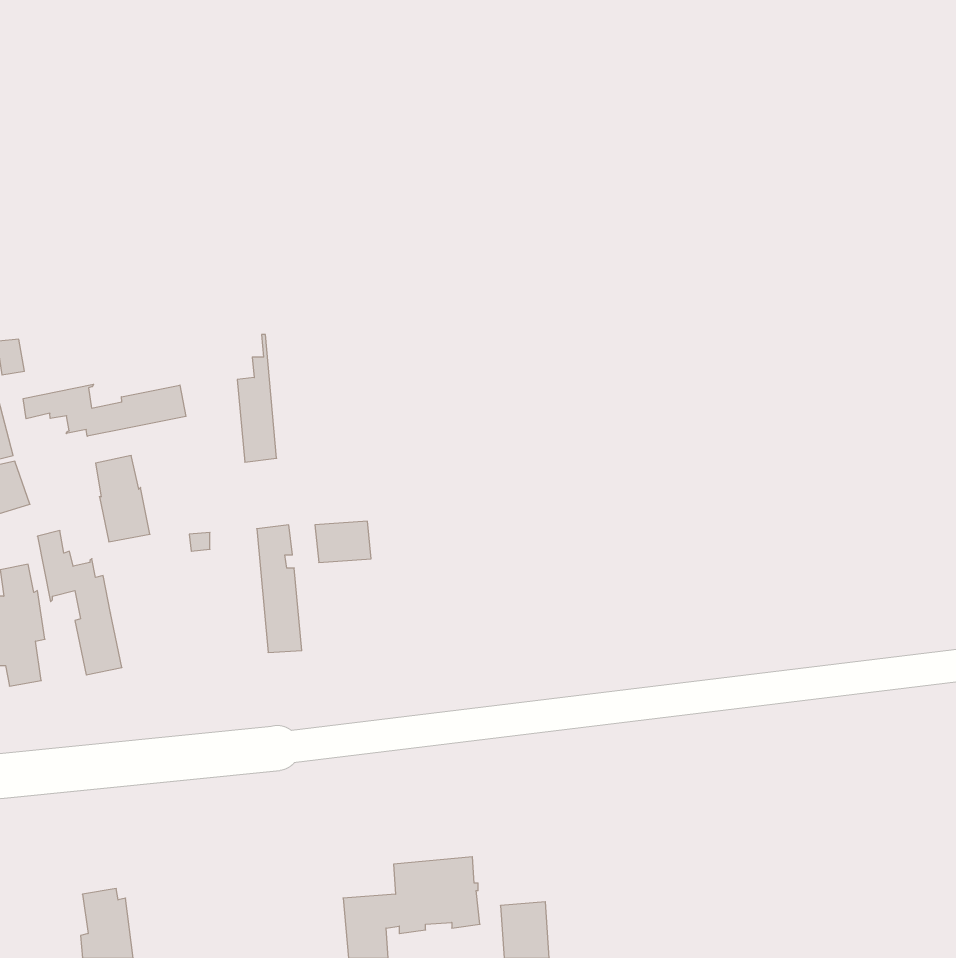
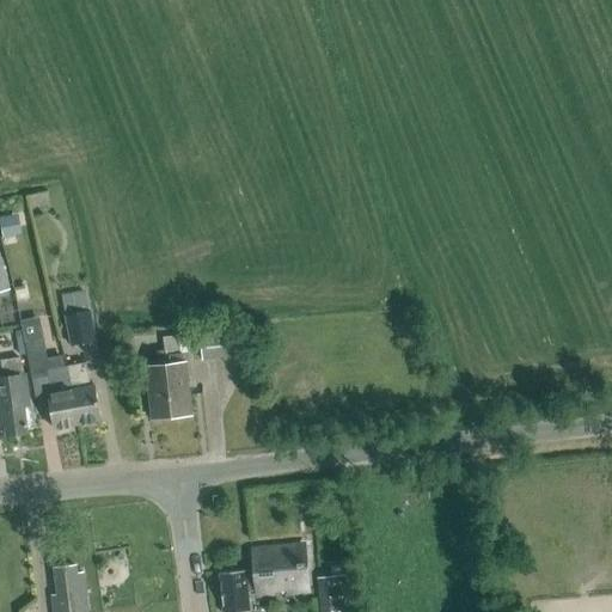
building: [237,335,277,462] -> [146,337,171,418]
building: [23,384,186,436] -> none
building: none -> [66,363,99,426]

